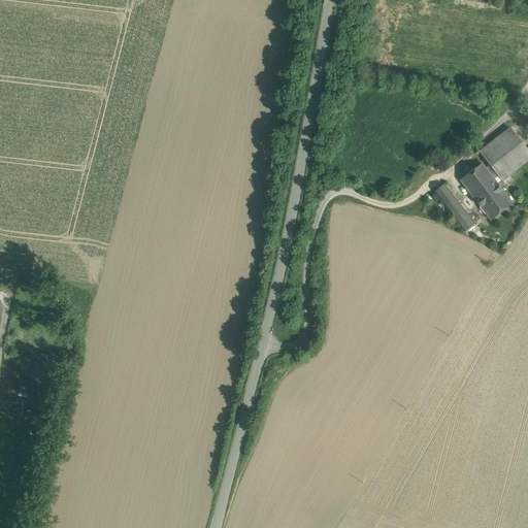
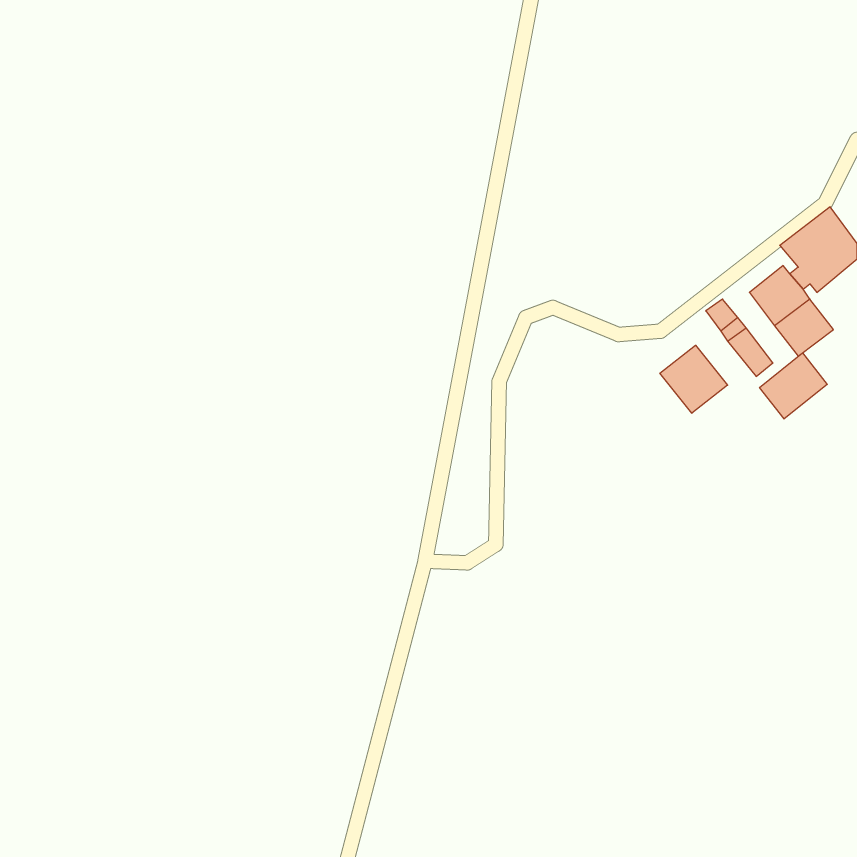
building: none -> [660,345,728,413]
building: none -> [760,353,827,419]

